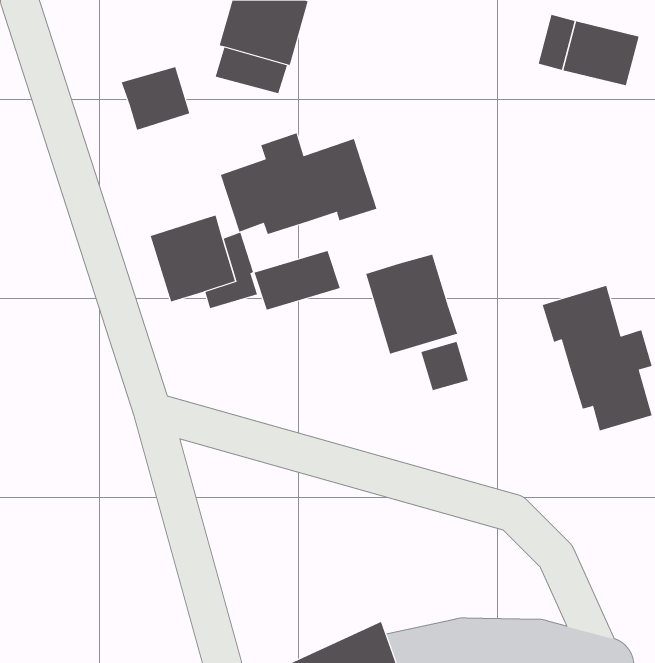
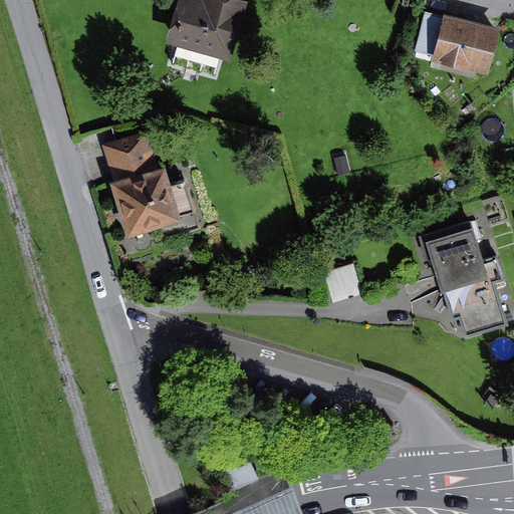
building: [121,67,190,130] -> [103,135,157,184]
building: [220,132,377,235] -> none
building: [254,250,340,311] -> none
building: [365,254,458,355] -> none

